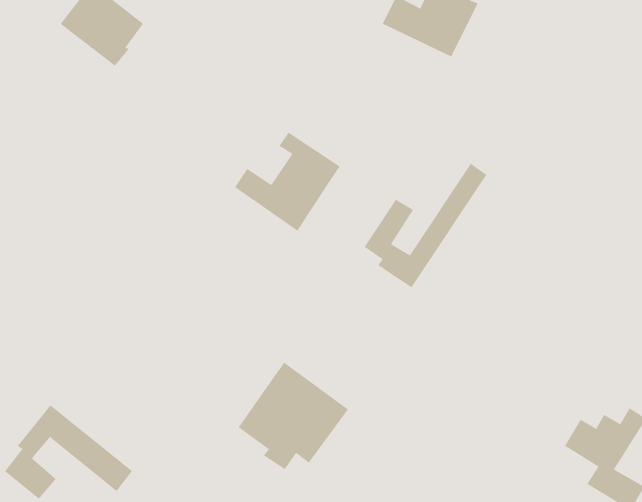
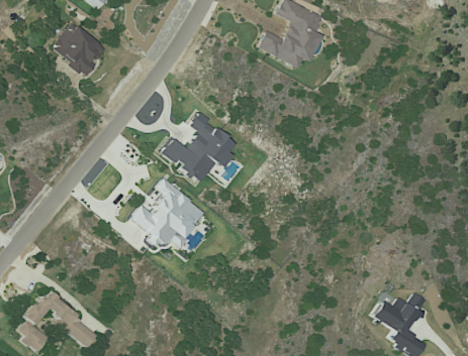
building: [364,163,487,288] -> none
building: [238,362,349,470] -> [132,180,203,248]

